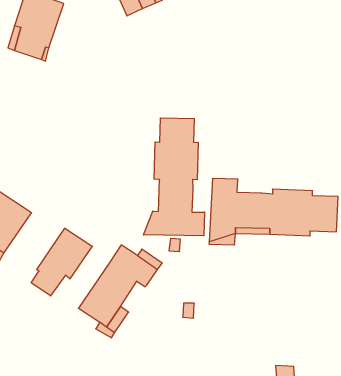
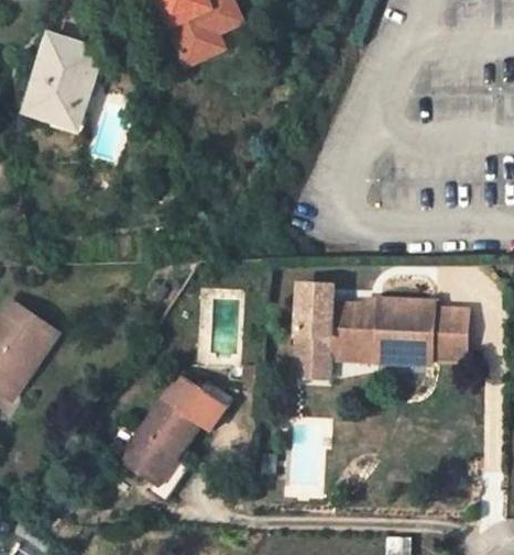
building: [143,118,205,236] -> none
building: [31,228,92,296] -> none

